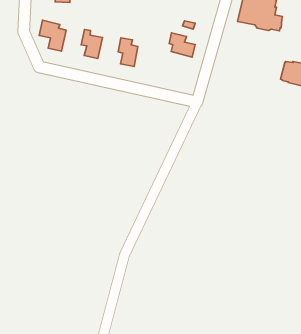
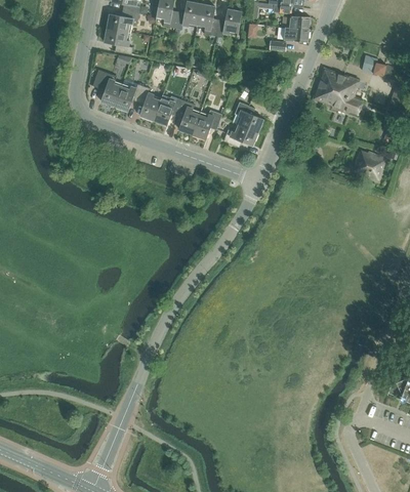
building: none -> [115,83,144,110]
building: none -> [154,95,182,124]
building: none -> [193,109,222,138]
building: none -> [223,122,258,147]

